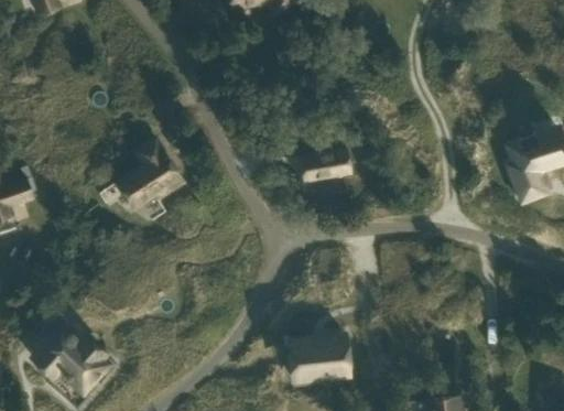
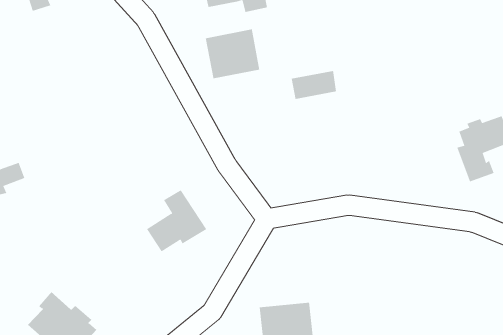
building: none -> [205,29,260,79]
building: [118,140,185,209] -> [146,189,207,252]
building: [301,150,351,182] -> [291,71,337,100]

